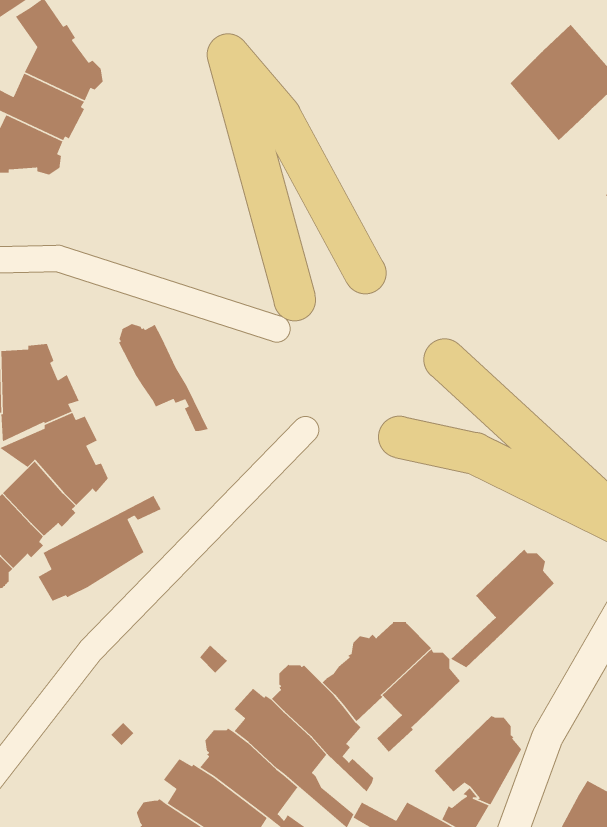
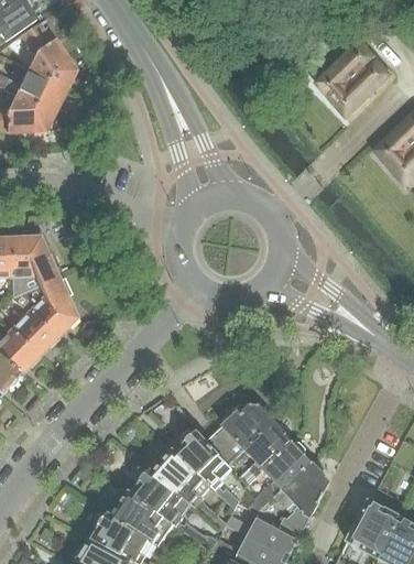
building: [118,323,209,432] -> none
building: [37,495,162,602] -> none
building: [450,549,555,668] -> [247,442,310,514]

